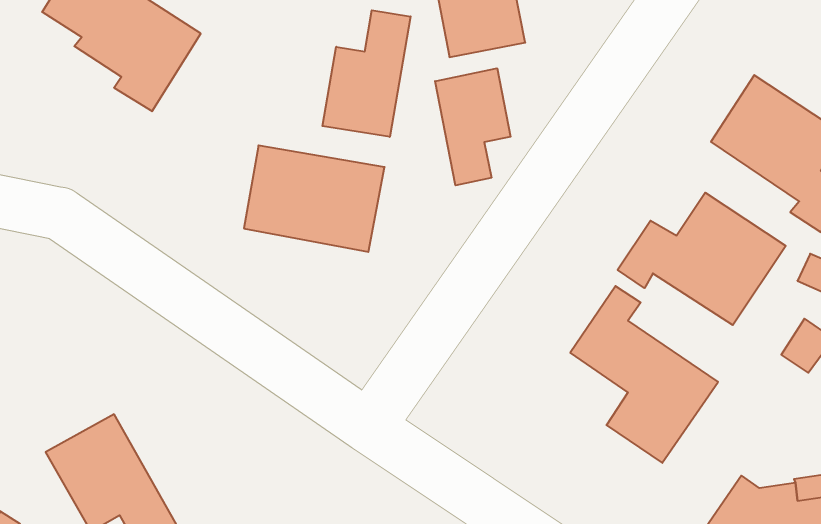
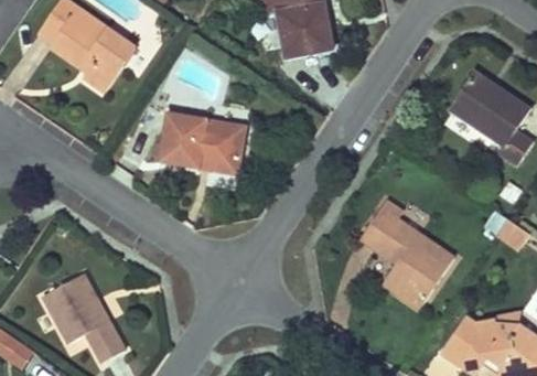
building: [322,10,411,137] -> none
building: [435,68,511,185] -> none
building: [618,193,786,325] -> none

